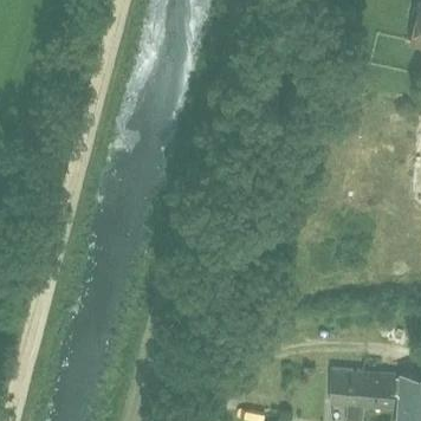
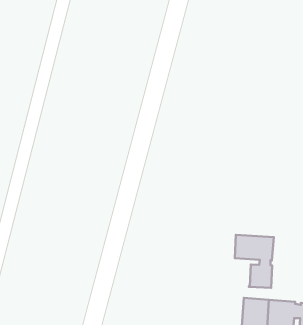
building: none -> [235,235,274,288]

